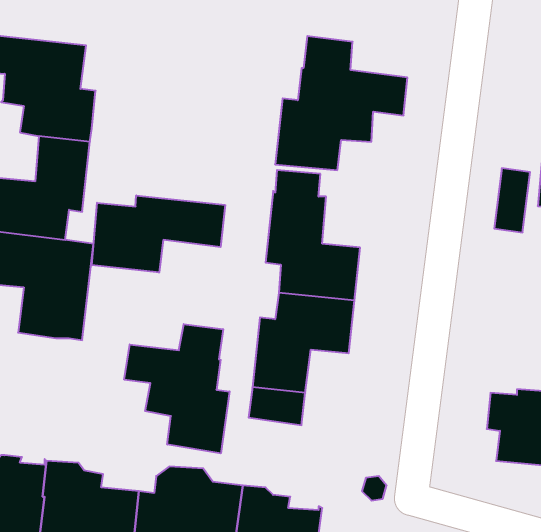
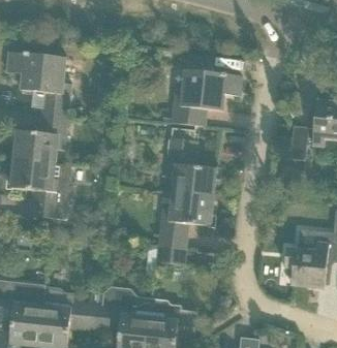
building: [92,195,225,273] -> none
building: [124,324,230,453] -> none

